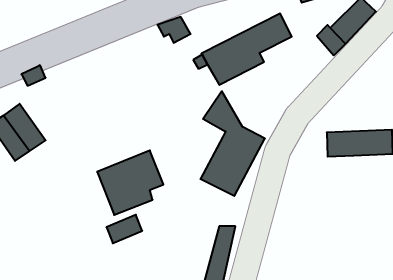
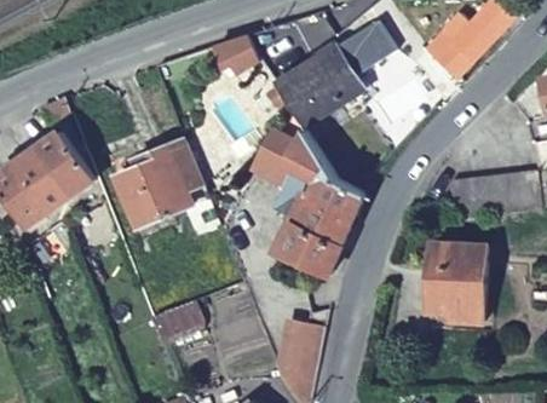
building: none -> [261,111,311,190]
building: none -> [33,128,91,195]
building: [97,150,163,215] -> [110,133,200,220]
building: none -> [425,244,483,323]

